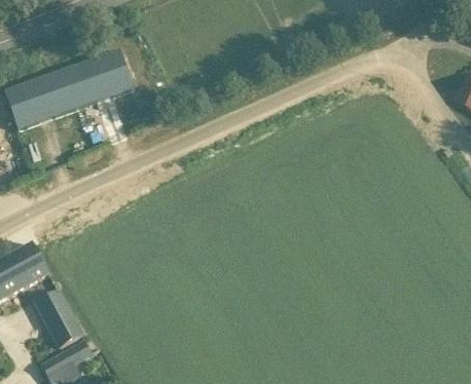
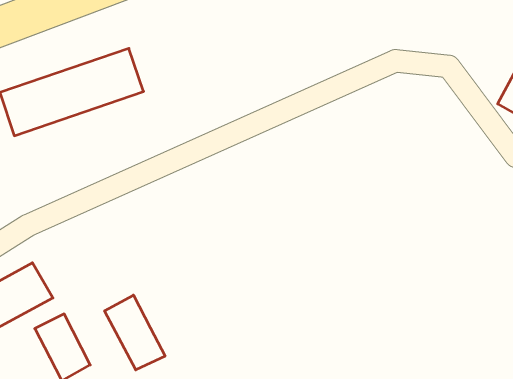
building: none -> [105,295,165,370]

